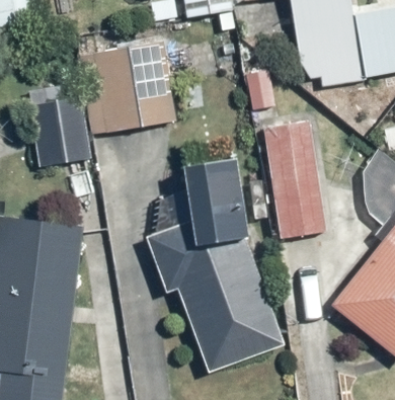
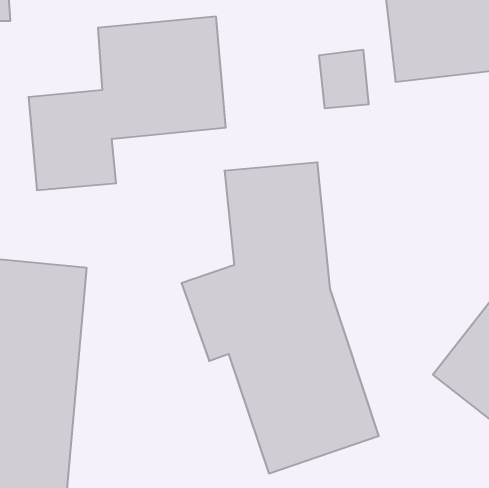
building: [253,127,324,238] -> none

